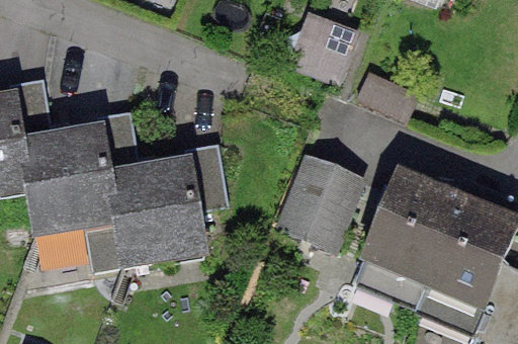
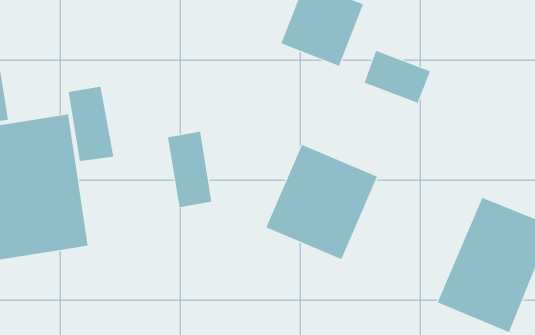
building: [107,158,202,277] -> none
building: [358,173,460,291] -> none

